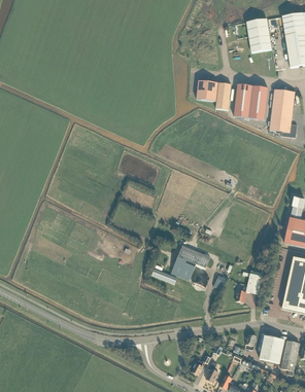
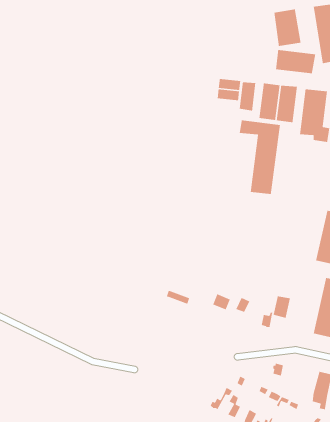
building: none -> [275,49,316,74]
building: none -> [239,119,281,195]
building: [170,244,209,279] -> none
building: [259,334,284,362] -> none

